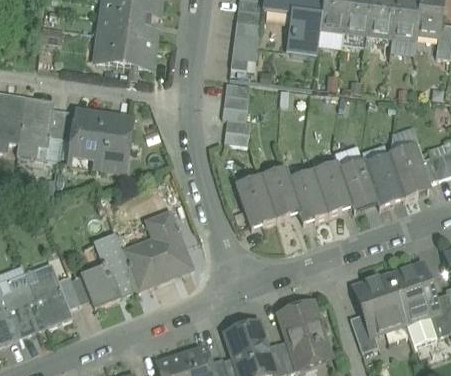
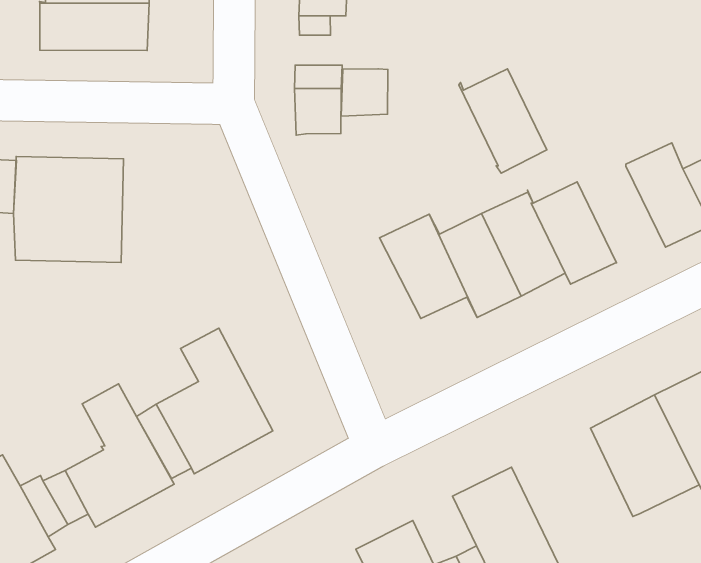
building: [223,117,250,143] -> [341,69,388,116]
building: [363,154,404,207] -> [459,69,547,173]
building: [236,175,274,227] -> none
building: [350,313,378,351] -> none

